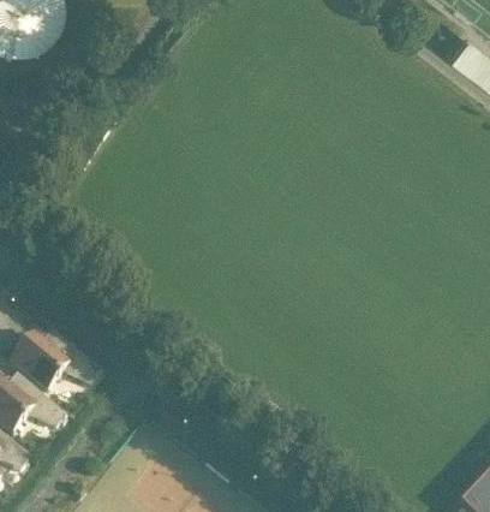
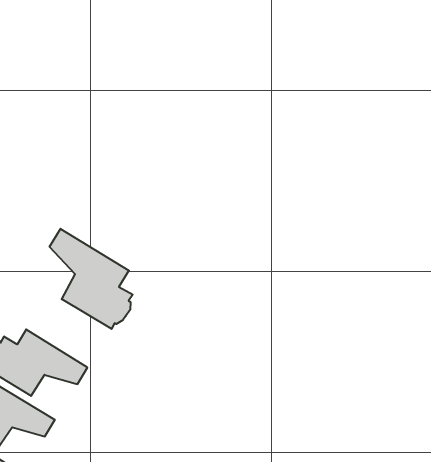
building: none -> [50,229,133,329]

